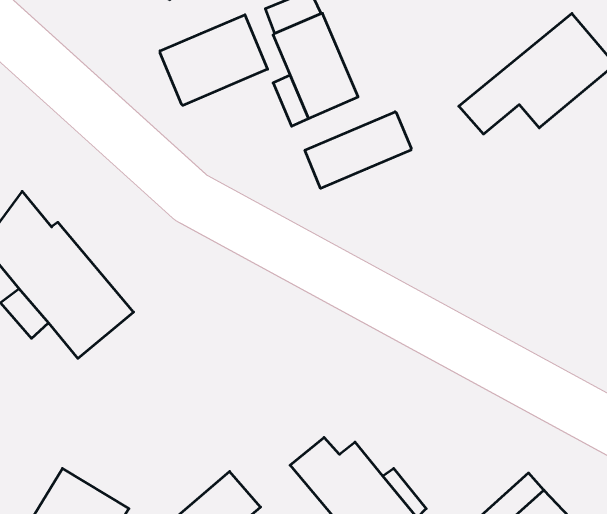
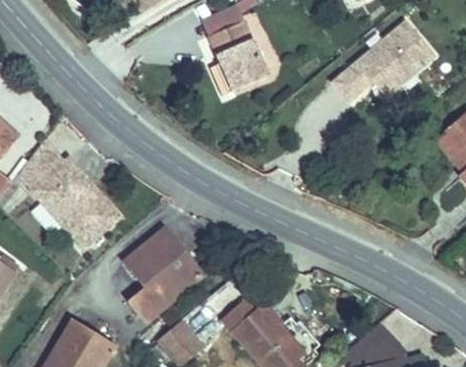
building: [160,15,268,105] -> none
building: [305,112,411,188] -> none
building: none -> [124,229,201,320]

